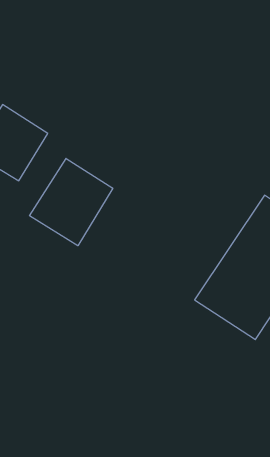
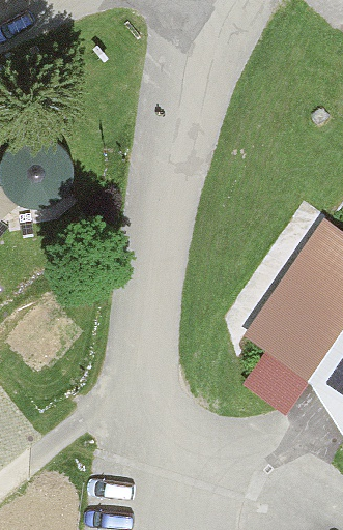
building: [30,158,113,246] -> none

